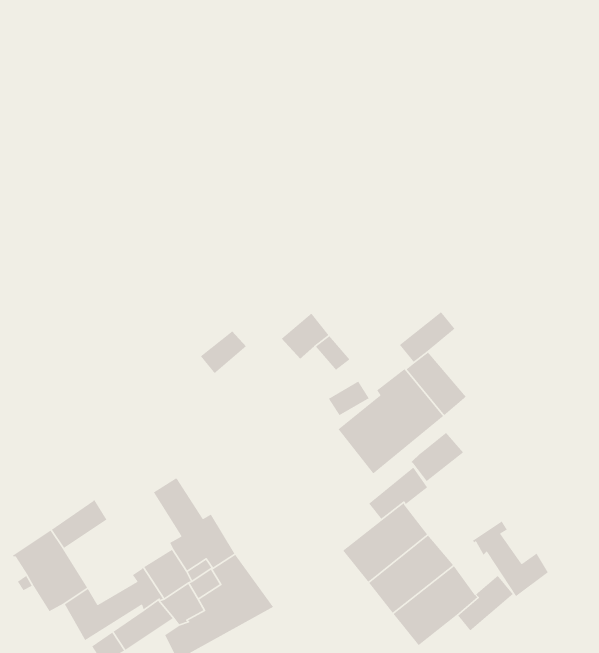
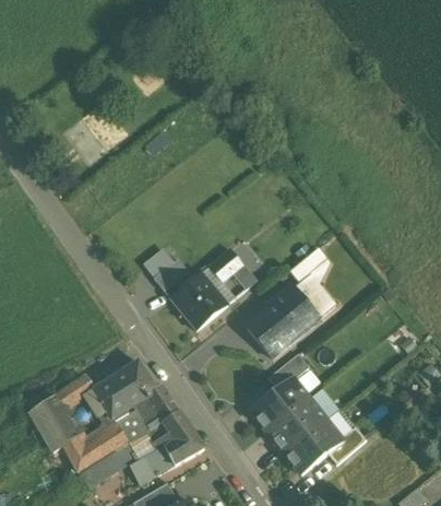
building: none -> [170,272,227,329]
building: [410,432,464,482] -> none
building: none -> [92,369,141,421]
building: [472,520,549,597] -> none

